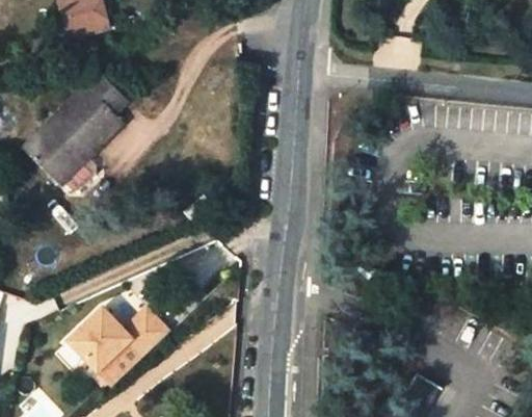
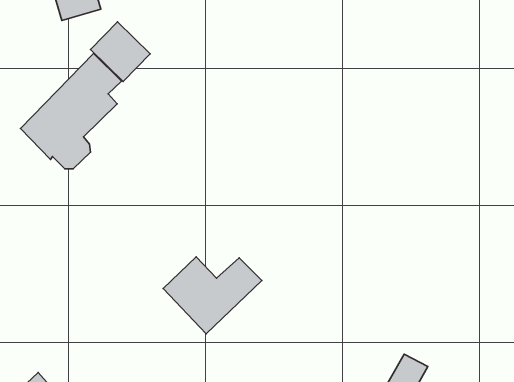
building: none -> [91,22,150,81]
building: [70,307,169,385] -> [163,257,262,334]

